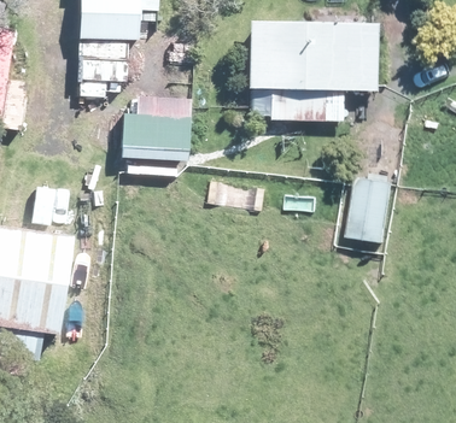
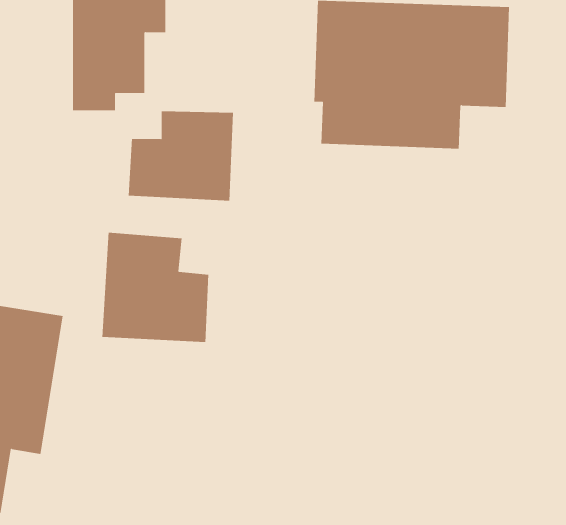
building: [347,174,398,242] -> none
building: none -> [102,232,209,343]

